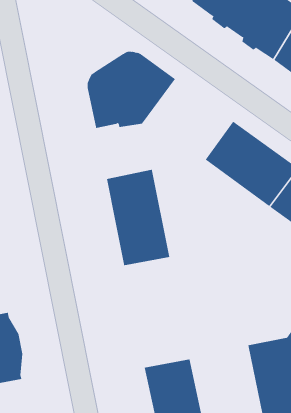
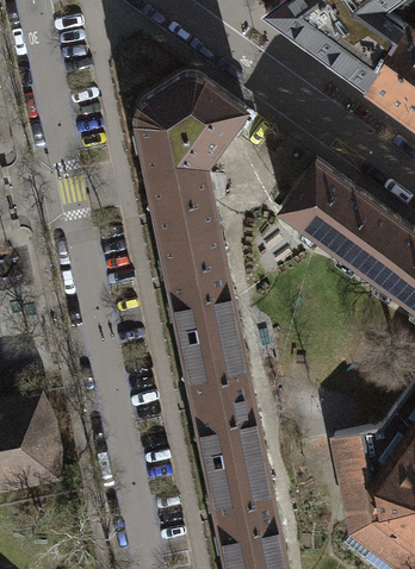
building: none -> [147,169,217,237]
building: none -> [181,333,264,469]

